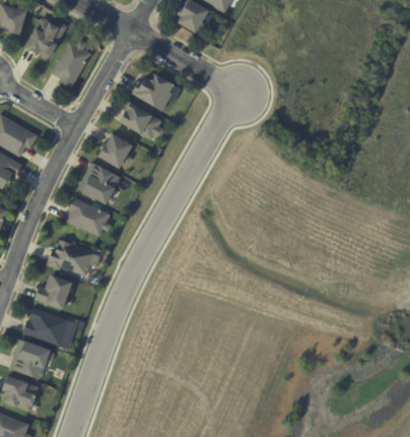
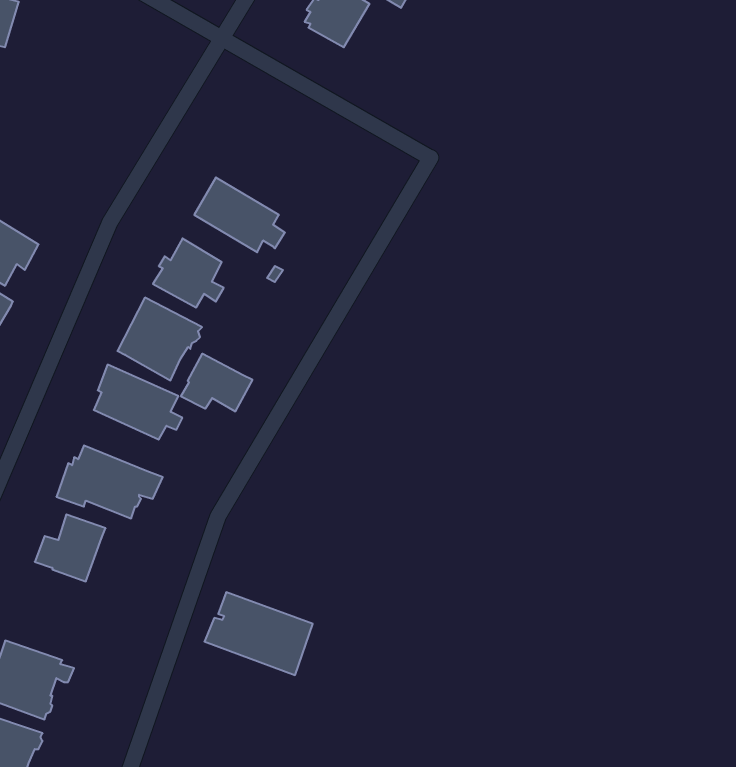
building: [22,18,67,59] -> none
building: [50,39,90,88] -> none
building: [131,72,173,111] -> none
building: none -> [181,354,252,412]
building: [24,308,80,351] -> [204,592,313,675]

